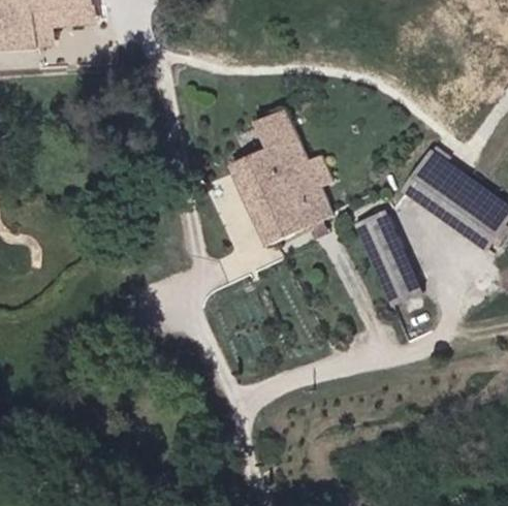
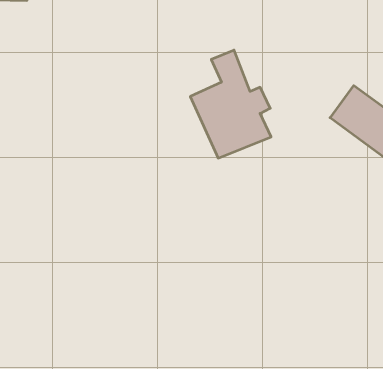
building: [356,212,421,306] -> none

